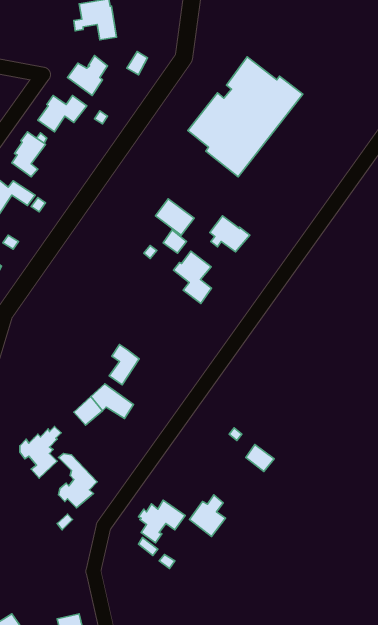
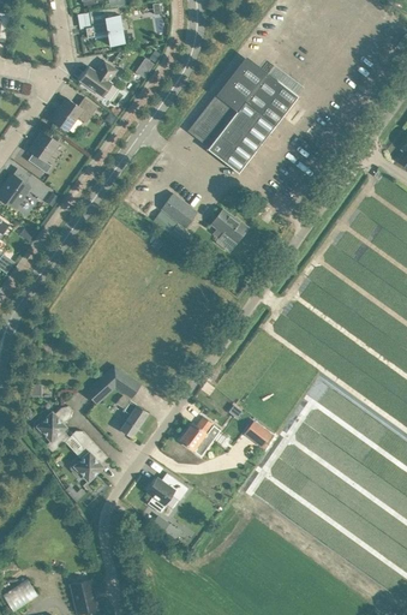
building: [174,251,211,304] -> none
building: [109,345,139,385] -> [119,400,146,437]
building: [189,495,226,536] -> [179,417,213,455]

